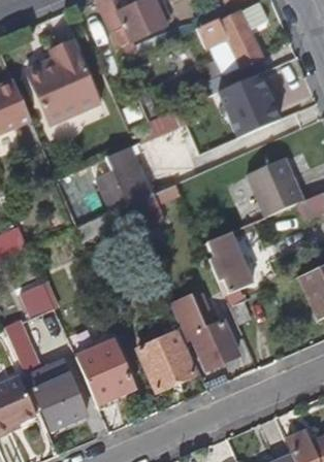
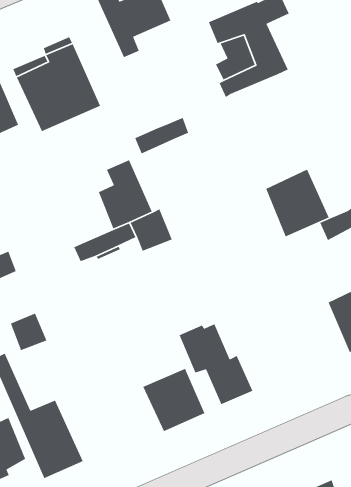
building: [217,74,279,138] -> none
building: [207,232,253,305] -> none
building: [76,339,132,402] -> none

